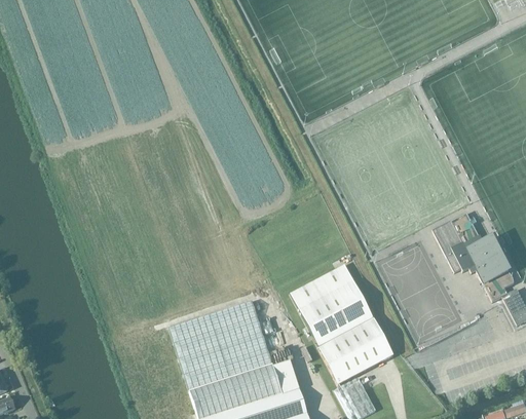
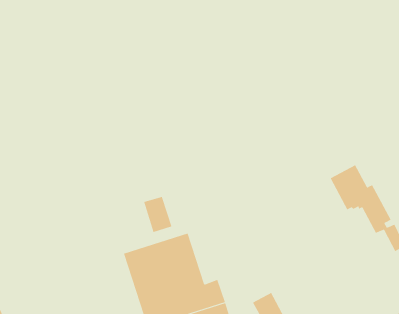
building: none -> [144,196,172,233]
building: [290,264,392,384] -> none

